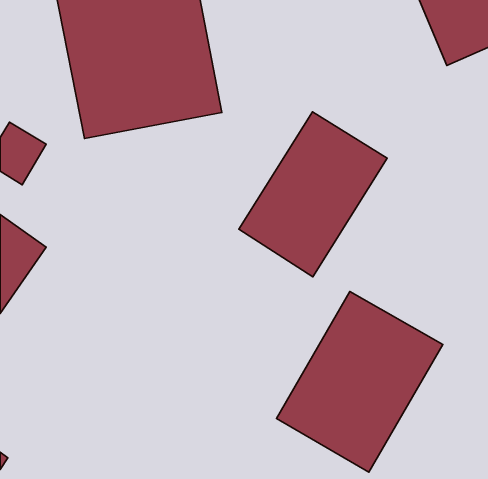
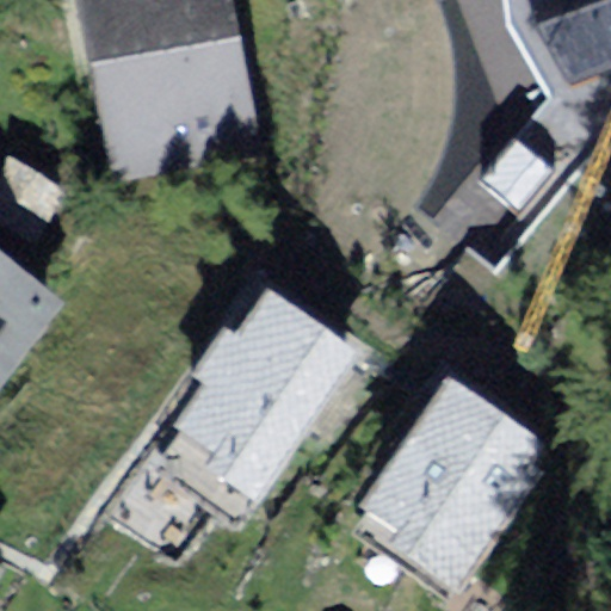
building: [239,112,387,277] -> none
building: none -> [125,295,352,563]

